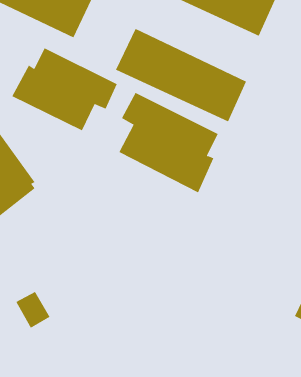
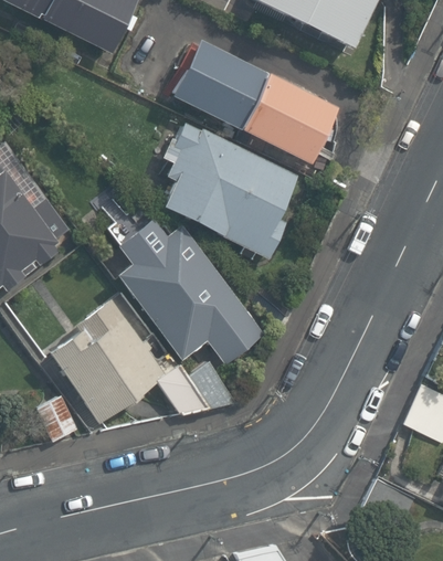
building: [11,47,117,131] -> none
building: none -> [123,219,267,363]
building: none -> [52,300,168,422]

